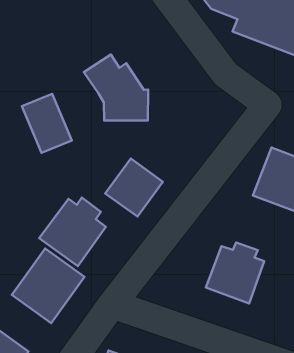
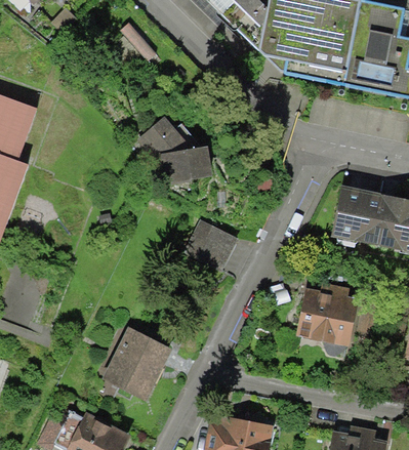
building: [22,94,72,153] -> none
building: [39,198,106,266] -> none

